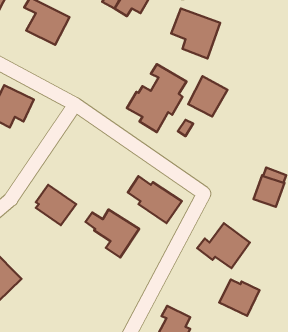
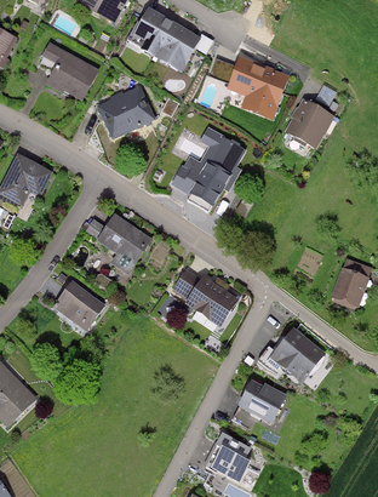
building: none -> [97,86,154,137]
building: [188,76,227,117] -> [285,98,334,149]
building: [86,209,139,257] -> [85,215,153,275]
building: [219,280,260,316] -> [236,379,287,425]

